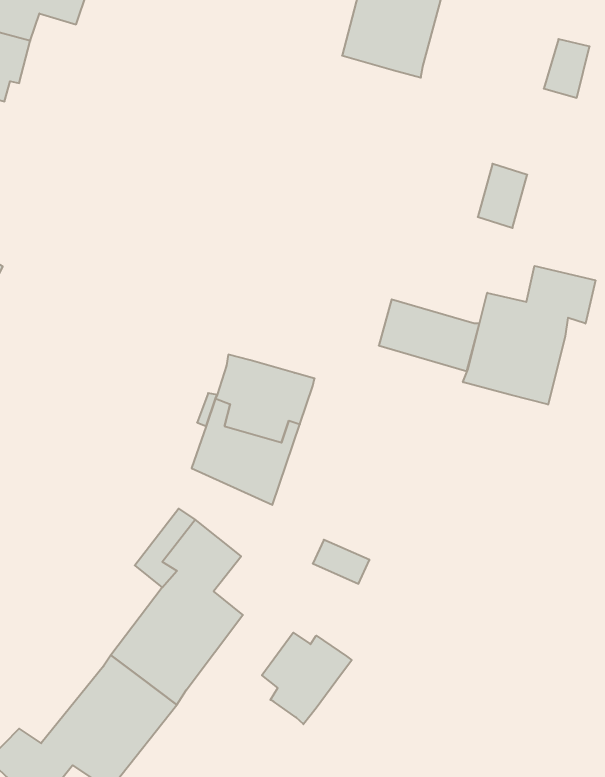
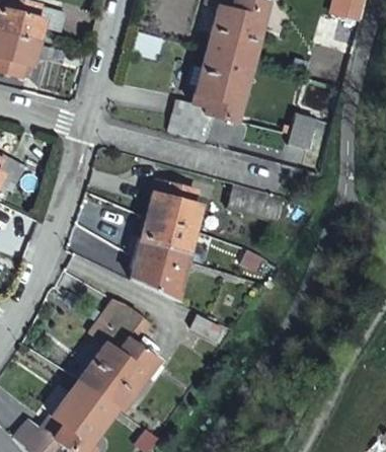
building: none -> [172,50,253,140]
building: [463,266,595,405] -> none
building: none -> [147,181,201,228]
building: [262,633,352,724] -> none

